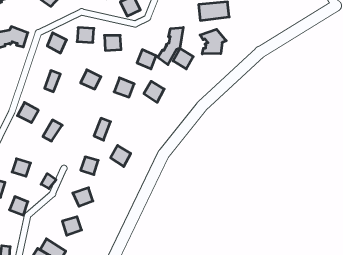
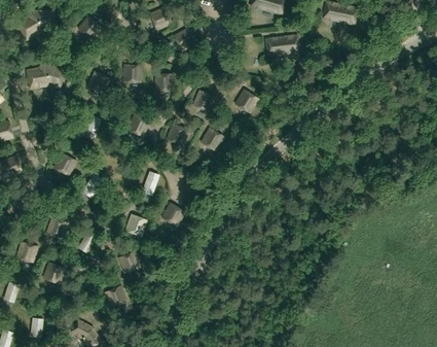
building: [158,27,183,65] -> none
building: [200,29,226,54] -> none

